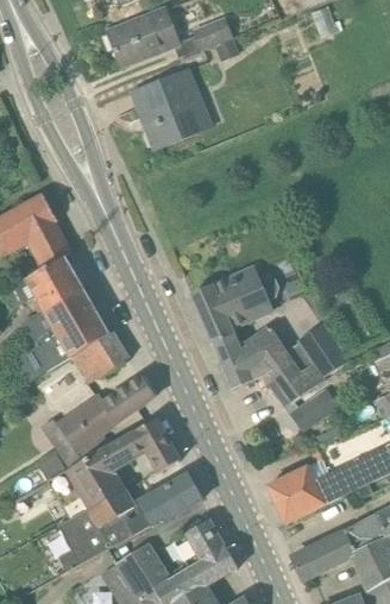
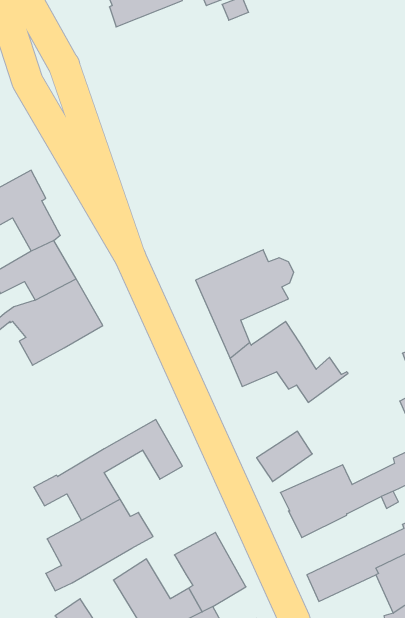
building: [130,68,210,149] -> none
building: [284,323,347,377] -> none
building: [73,333,125,382] -> none
building: [50,375,153,468] -> none
building: [288,386,338,432] -> [257,431,312,482]
building: [138,472,201,526] -> none

